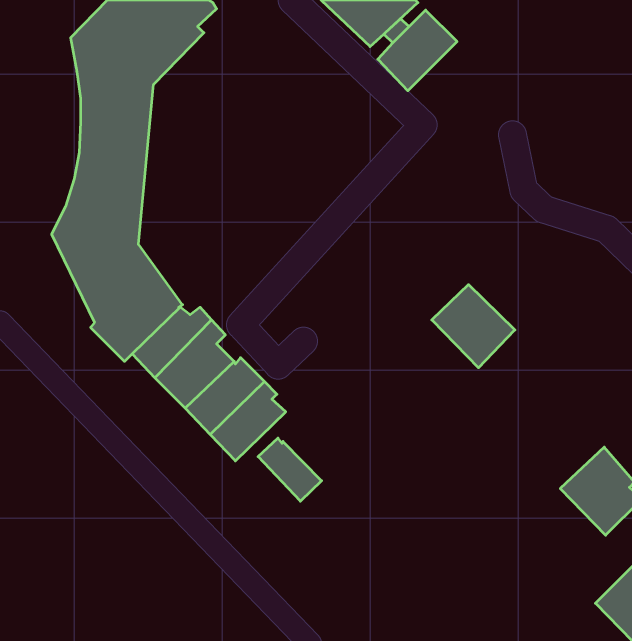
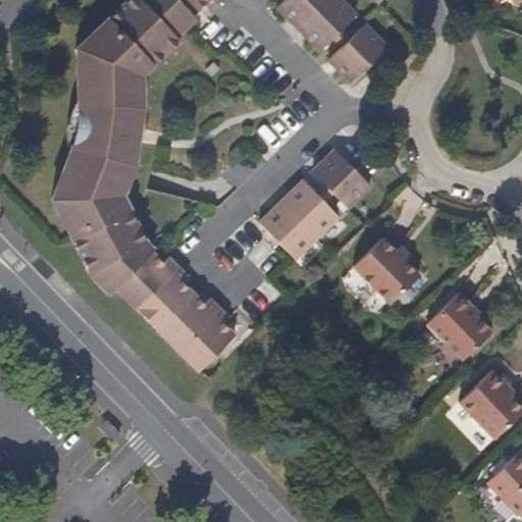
building: none -> [264,150,376,260]
building: none -> [435,295,495,364]
building: [258,438,322,501] -> none

